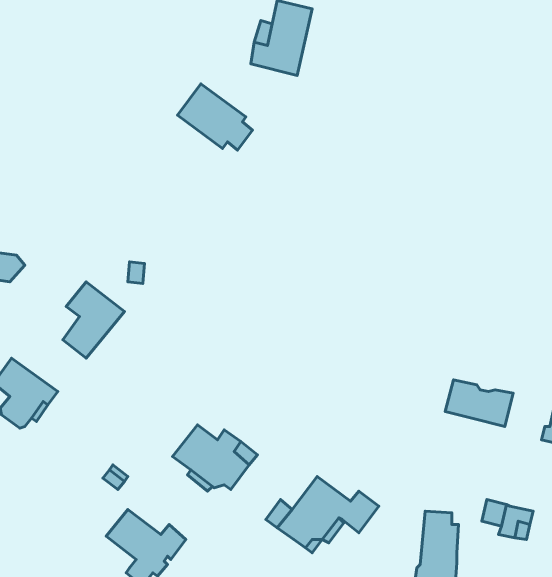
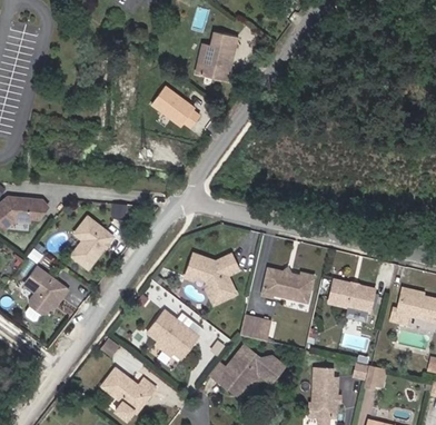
building: none -> [185,255,237,303]
building: none -> [262,270,313,303]
building: none -> [239,314,269,340]

